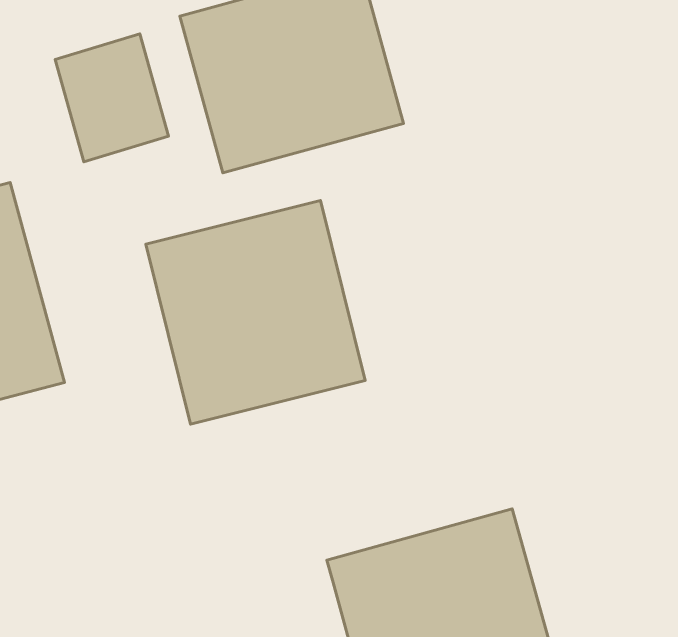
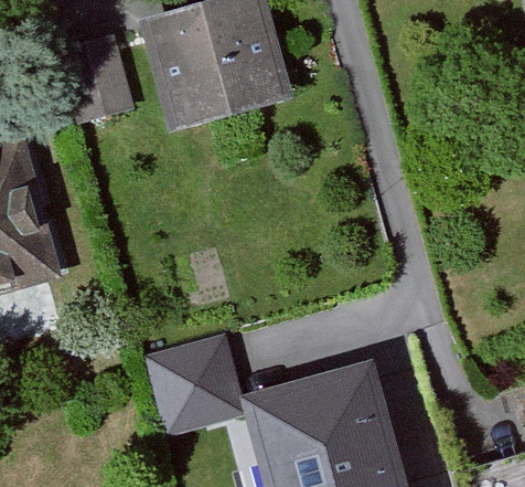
building: [146,200,365,424] -> none
building: none -> [143,334,246,433]

